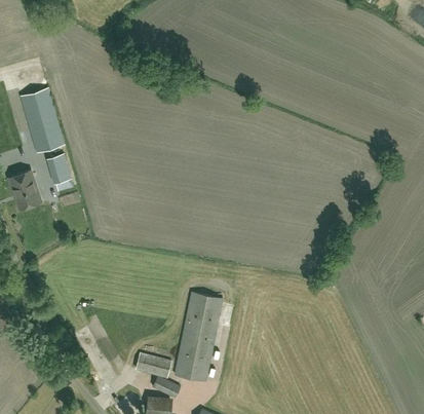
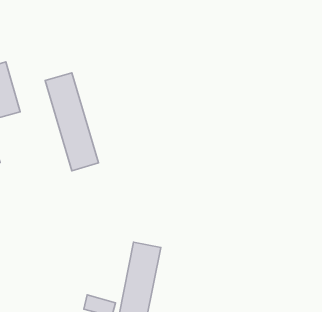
building: none -> [45,73,99,171]
building: [47,153,72,184] -> none

